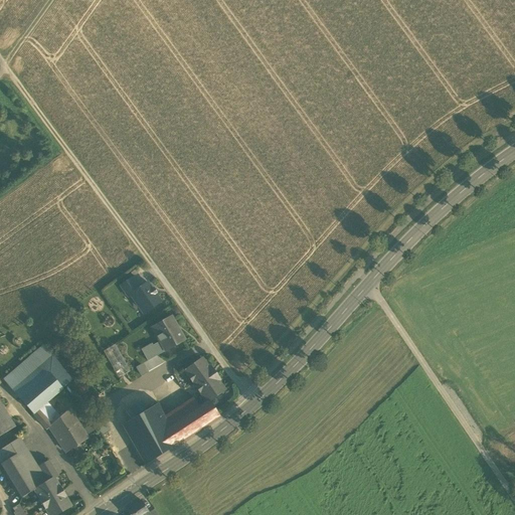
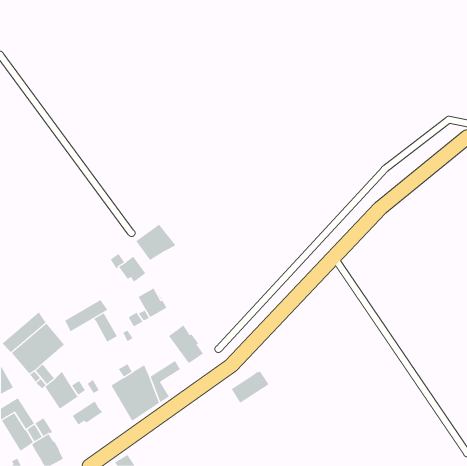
building: none -> [135,224,176,260]
building: none -> [65,299,108,332]
building: [177,399,219,437] -> [231,370,269,404]
building: none -> [72,401,103,426]

